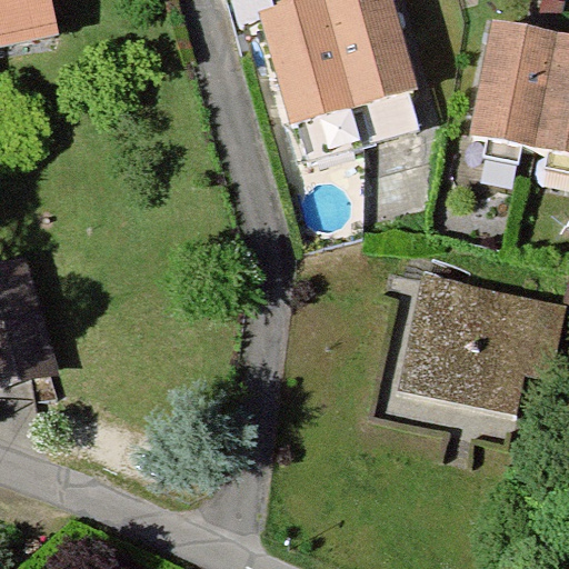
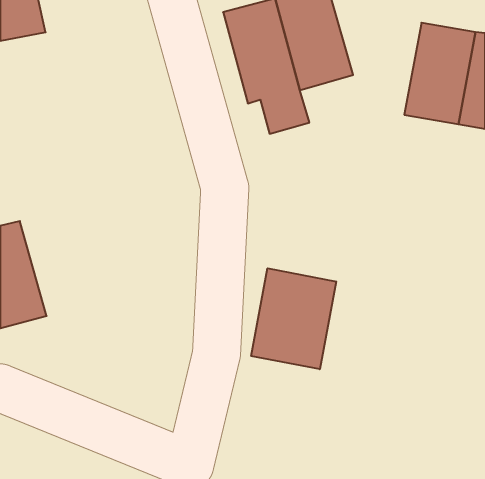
building: [401,279,560,408] -> none
building: none -> [251,268,336,369]

